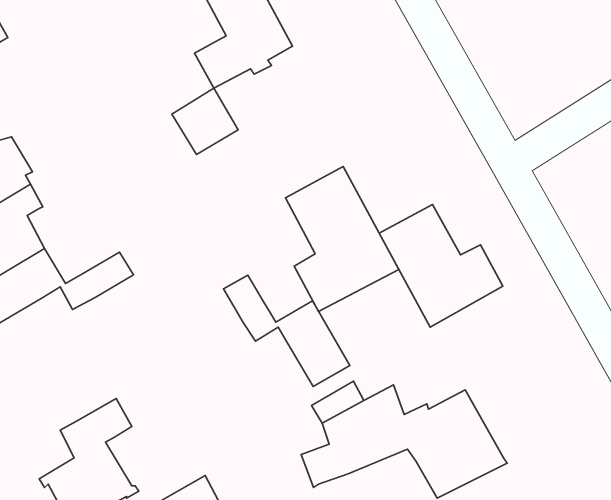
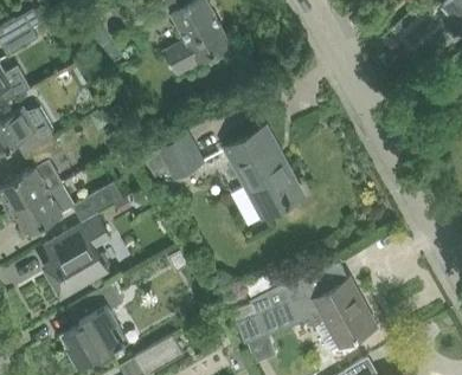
building: [172,88,238,154] -> [161,134,206,179]
building: [379,204,503,327] -> none
building: [224,275,350,387] -> none
building: none -> [45,215,110,296]

